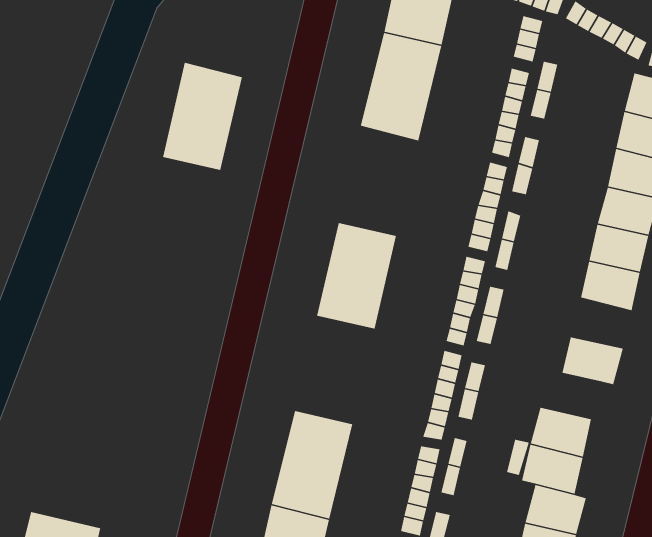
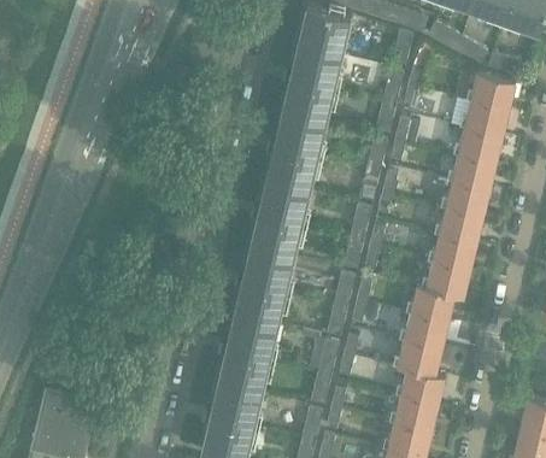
building: [162,62,243,171] -> [265,118,323,196]
building: none -> [431,241,476,277]
building: none -> [234,254,292,331]
building: none -> [410,293,453,328]

